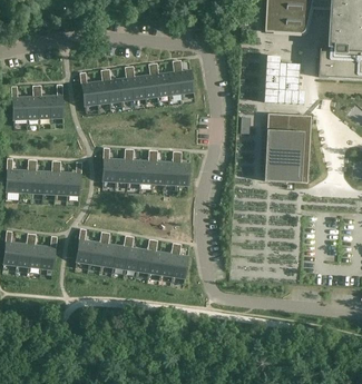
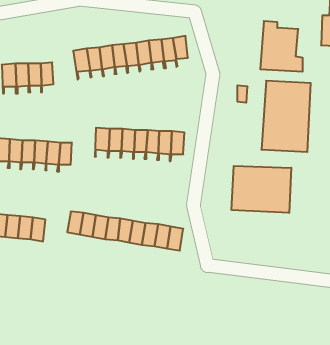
building: none -> [232,166,291,213]

